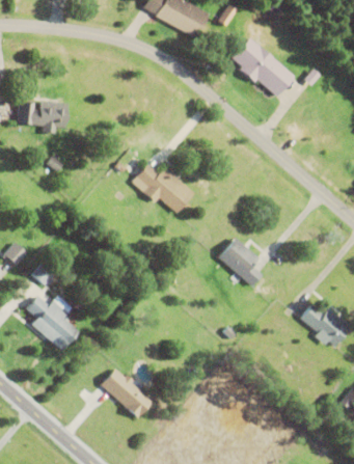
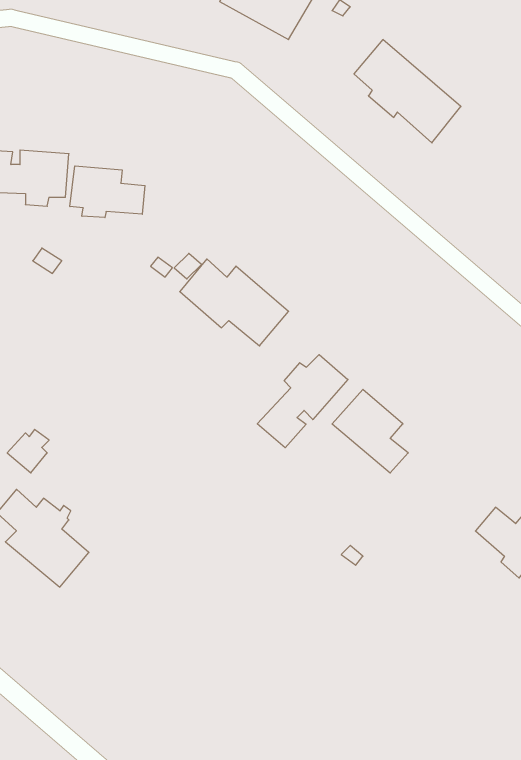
building: none -> [70,166,145,218]
building: none -> [257,355,348,448]
building: [102,370,153,418] -> none

